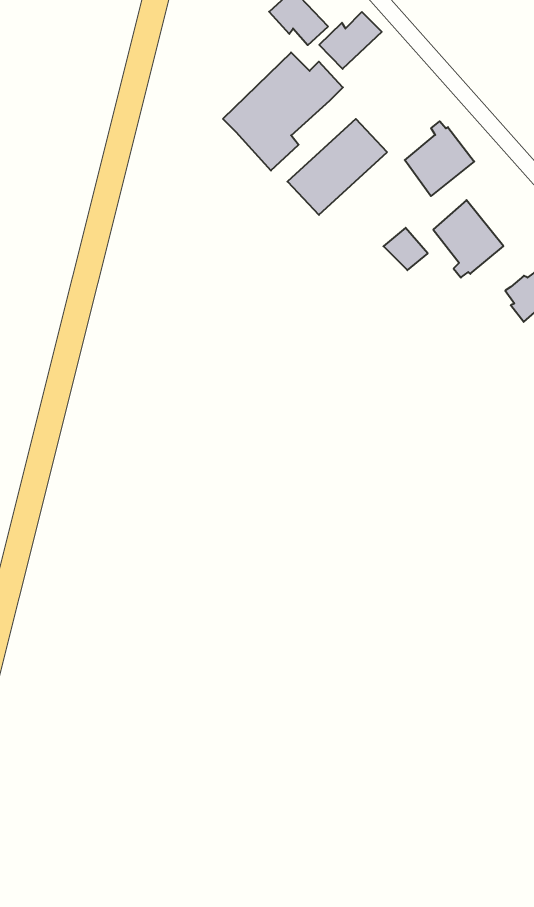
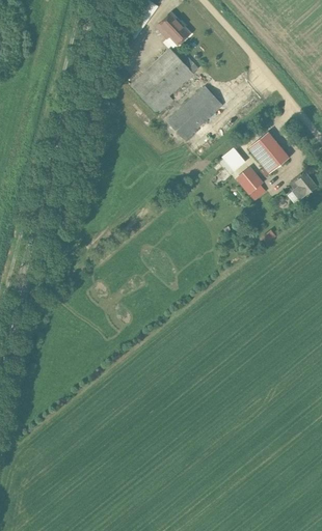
building: [319,12,382,69] -> none
building: [405,121,474,196] -> none
building: none -> [237,168,267,201]

